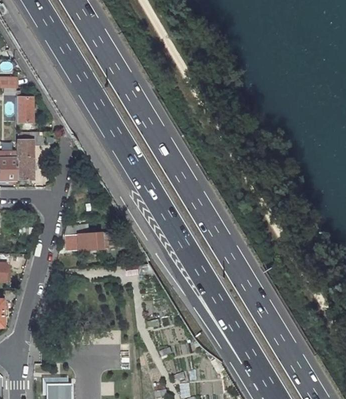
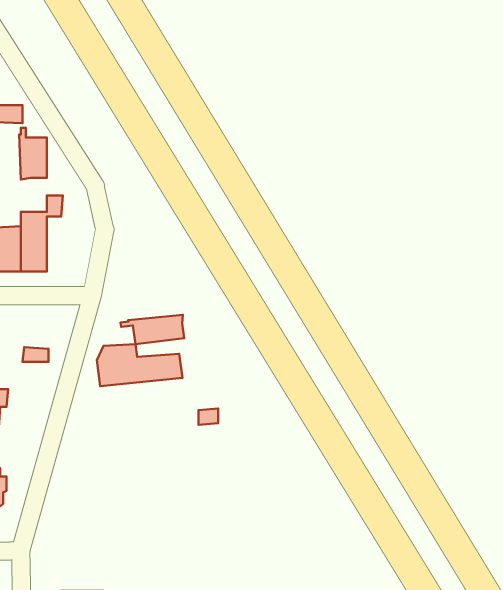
building: none -> [121,315,184,344]

